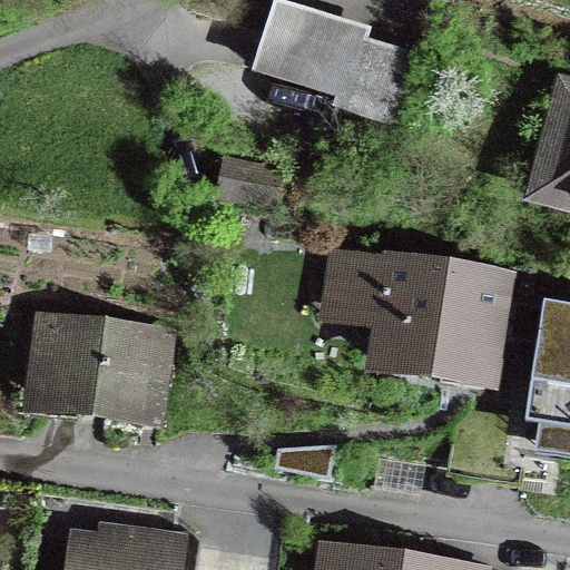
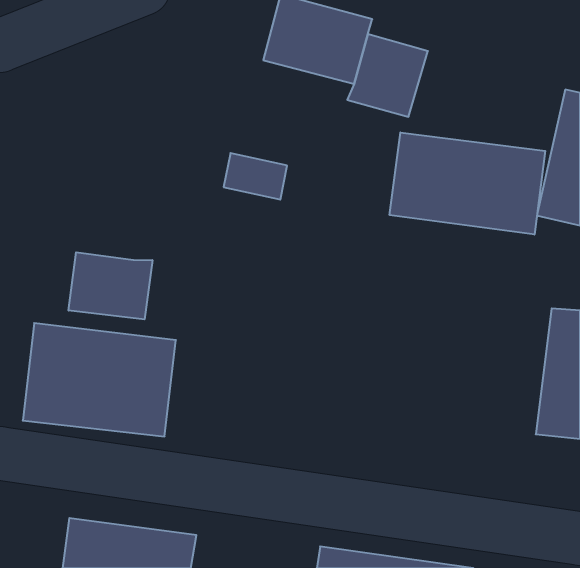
building: none -> [390,132,545,235]
building: none -> [69,252,152,319]
building: [318,250,515,394] -> none

